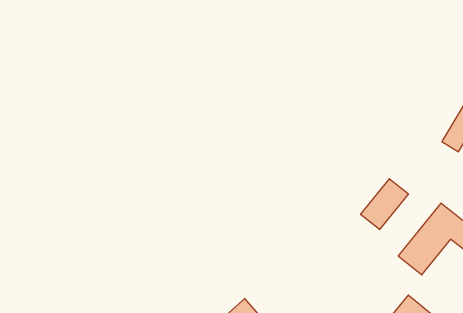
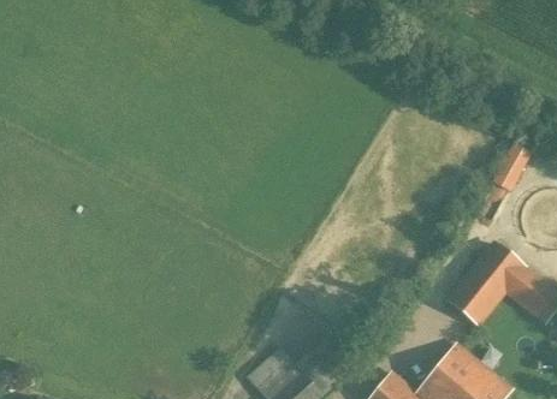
building: [361,179,408,230] -> none

